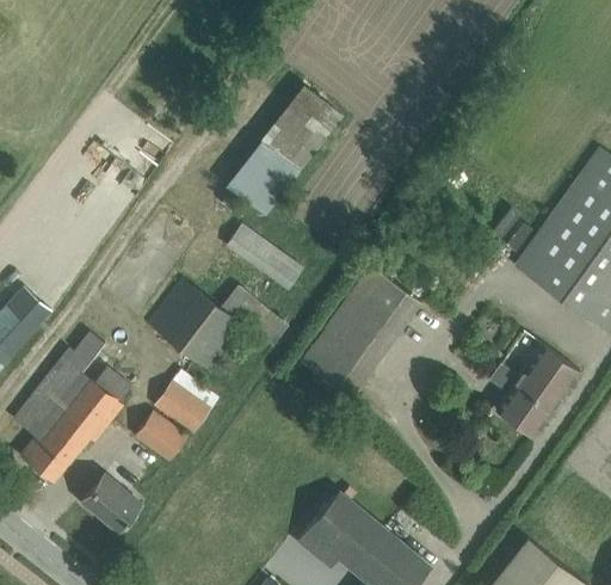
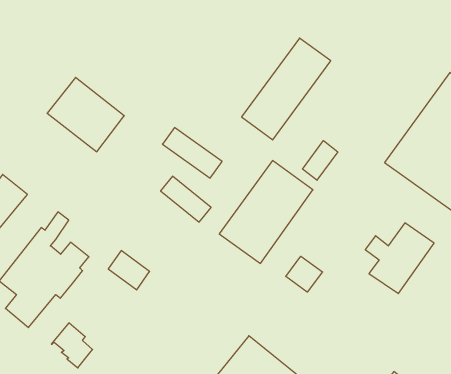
building: [226,85,341,217] -> [242,38,331,140]
building: none -> [303,141,338,180]
building: [147,276,247,372] -> [47,77,124,152]
building: none -> [286,256,323,292]
building: [134,413,187,463] -> none

